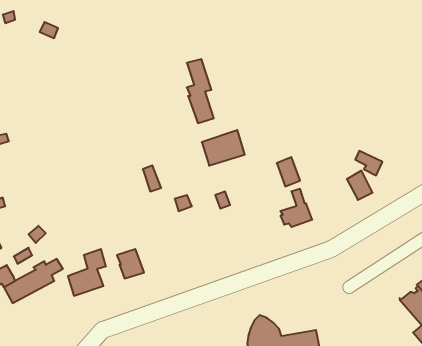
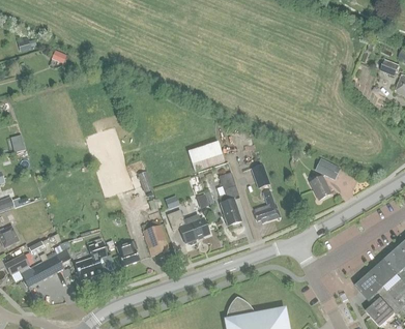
building: [187,59,214,123] -> [219,171,241,225]
building: none -> [167,208,209,244]
building: none -> [141,218,169,256]

